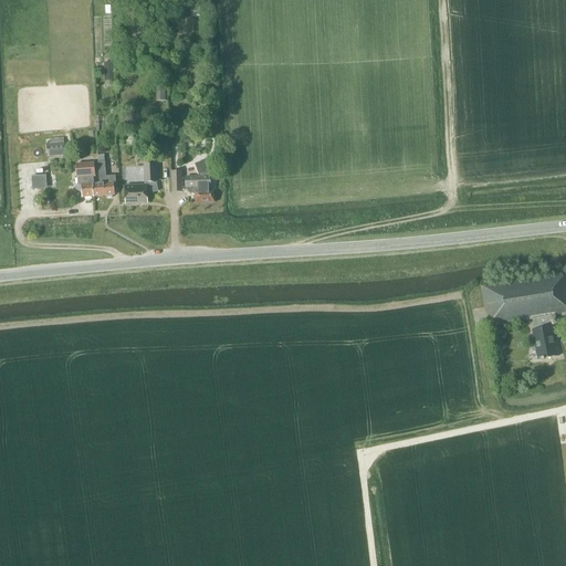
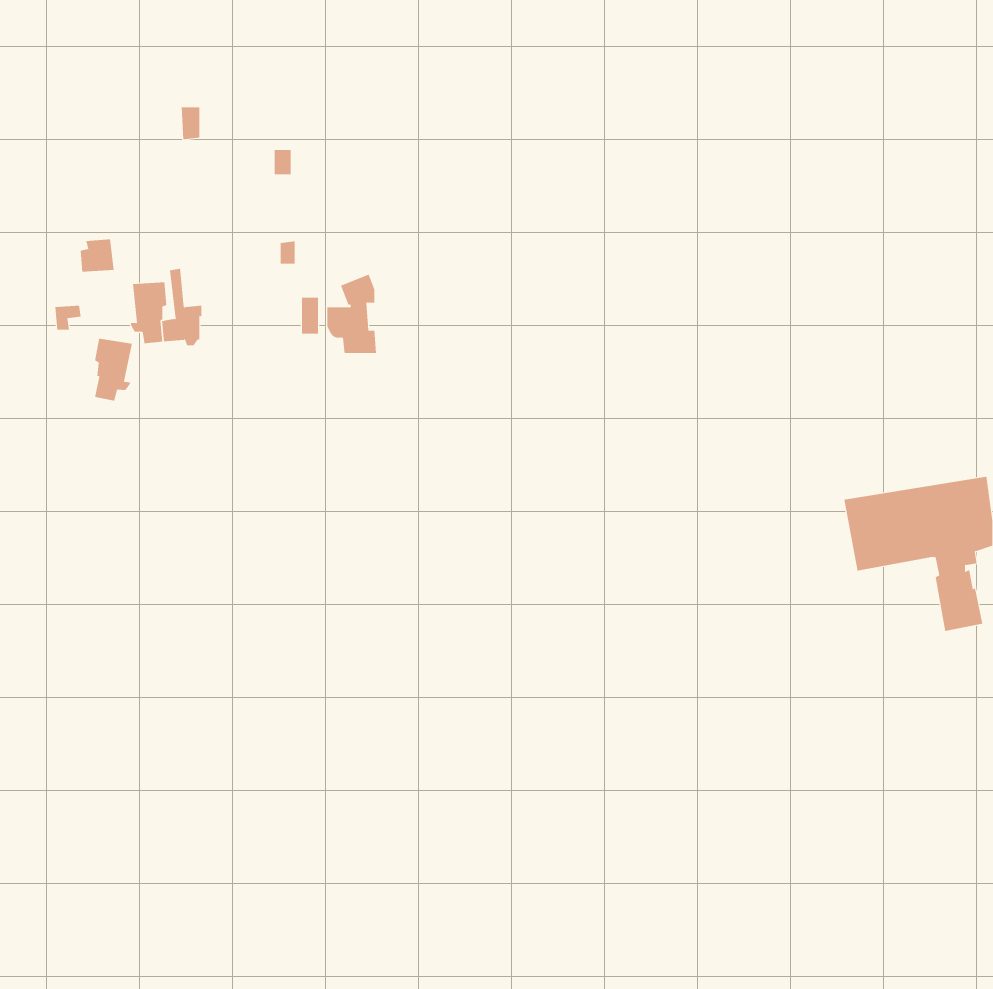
building: [125,163,156,201] -> none
building: none -> [94,338,133,402]

